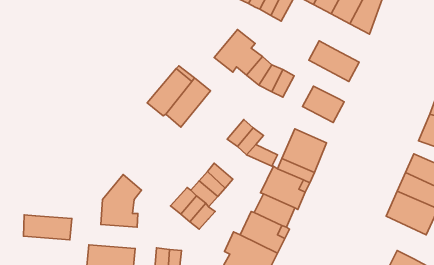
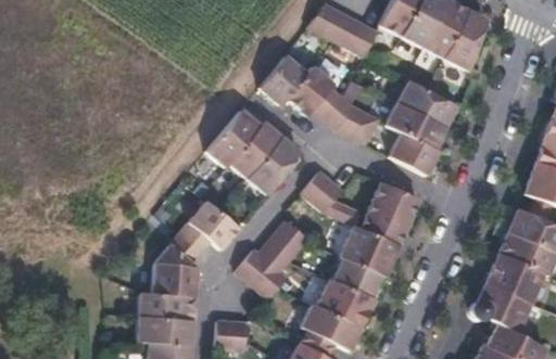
building: none -> [260,55,307,104]
building: none -> [384,101,443,146]
building: none -> [247,137,301,194]
building: none -> [179,202,238,253]
building: [23,215,72,240] -> [139,292,195,321]
building: none -> [470,283,533,333]

